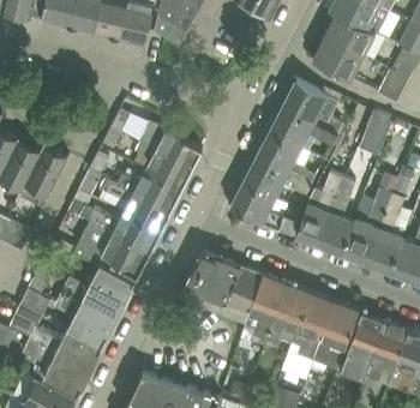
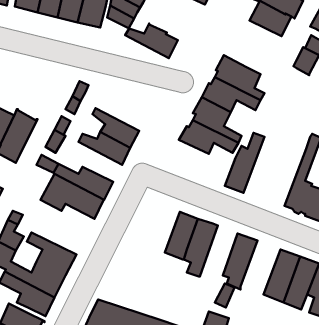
building: [312,37,362,80] -> none
building: [358,112,392,157] -> none
building: [138,128,202,170] -> [125,23,178,58]
building: [317,173,397,260] -> none
building: [98,178,170,232] -> none
building: [227,181,296,235] -> none
building: [179,253,240,317] -> none
building: [61,265,134,319] -> none
building: [264,284,310,350] -> none
building: [313,302,358,370] -> none

